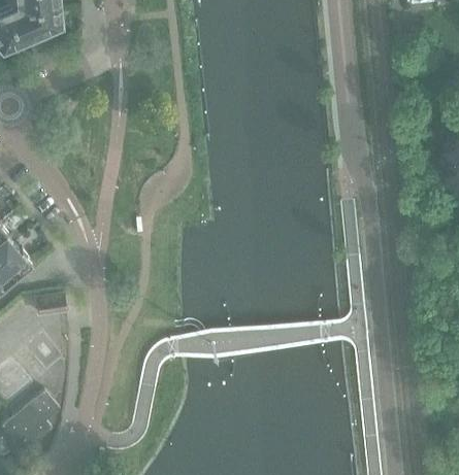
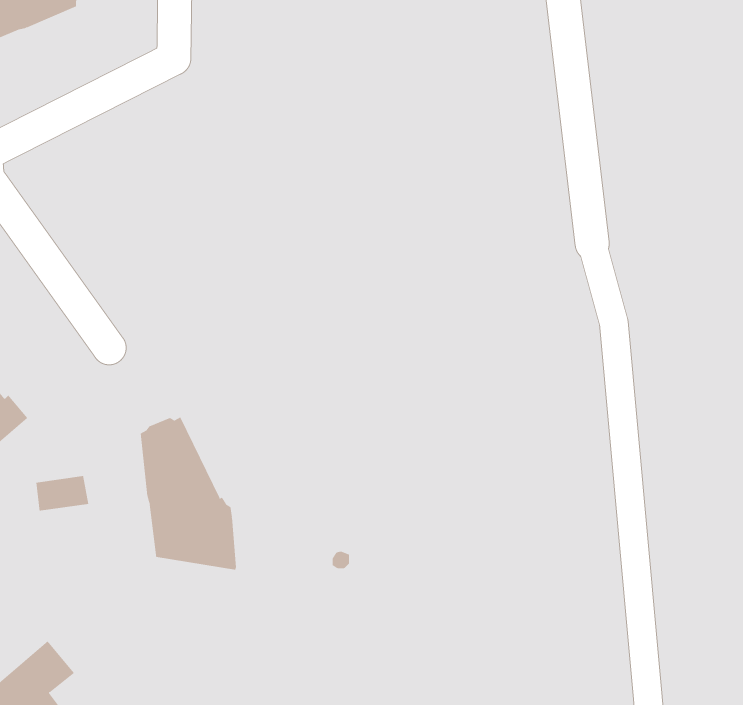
building: none -> [140,417,237,570]

